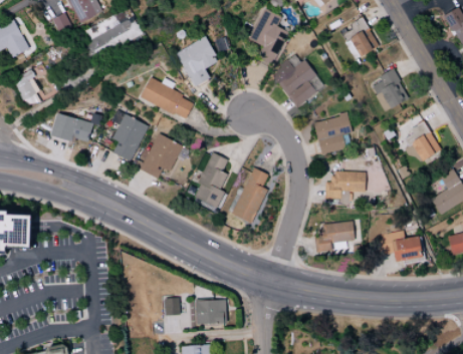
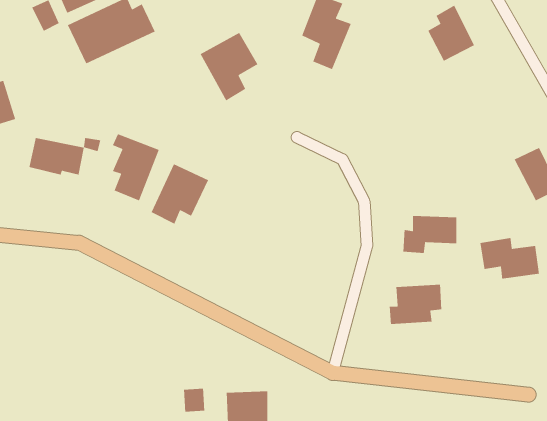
building: [270,55,324,107] -> none
building: [372,69,408,111] -> none
building: [140,80,194,118] -> none
building: [312,113,353,154] -> none
building: [192,152,228,209] -> none
building: [232,168,268,224] -> none
building: [379,231,423,262] -> [480,237,540,280]

